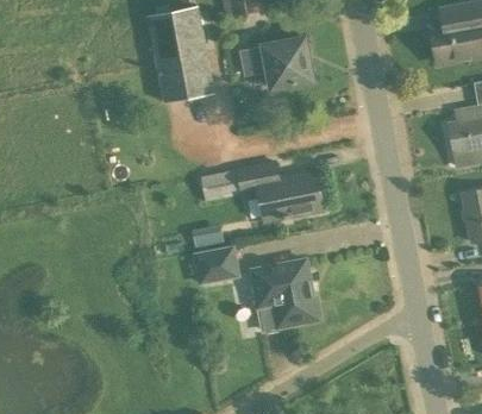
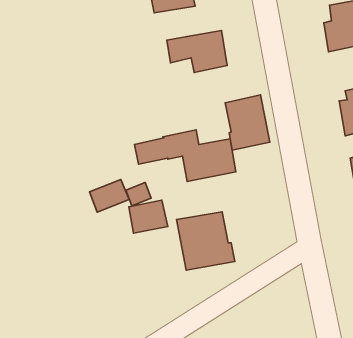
building: [146,6,214,102] -> none
building: none -> [225,95,270,150]
building: none -> [90,179,129,212]

